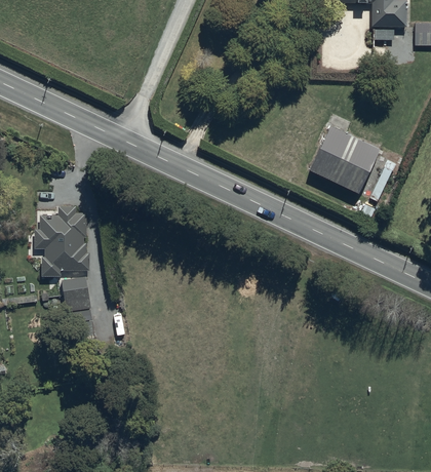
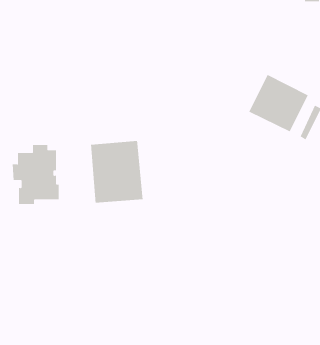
building: none -> [91,140,143,204]
building: [62,276,90,312] -> none

